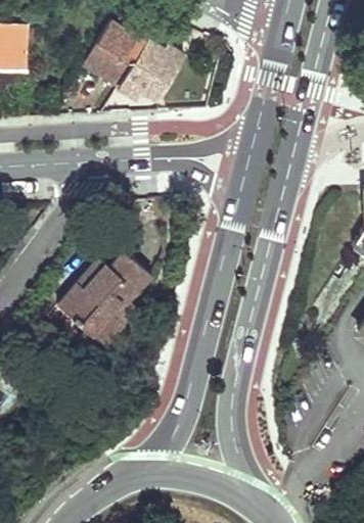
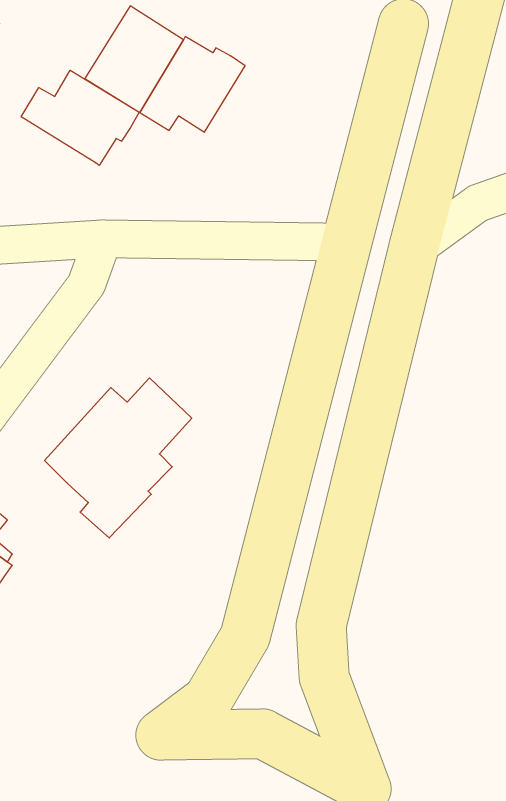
building: none -> [21,70,139,165]

